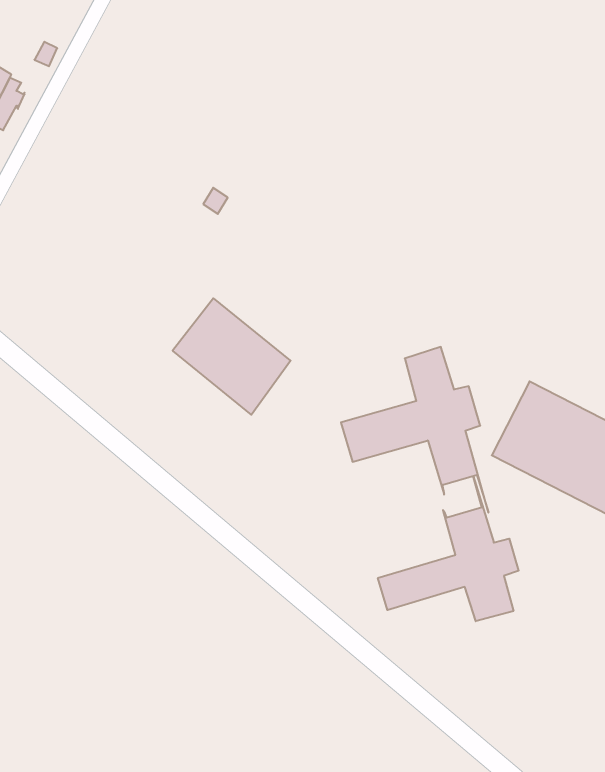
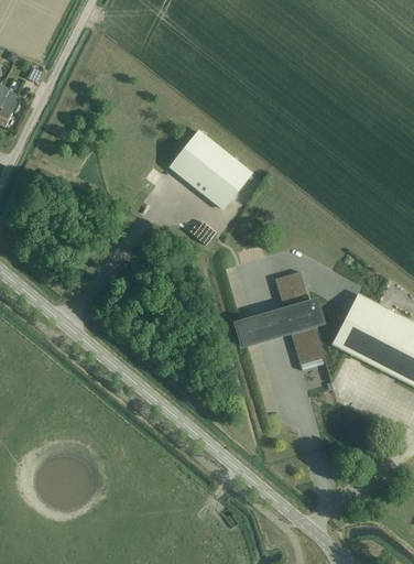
building: [173,298,291,415] -> [170,130,249,208]
building: [378,476,519,621] -> none

